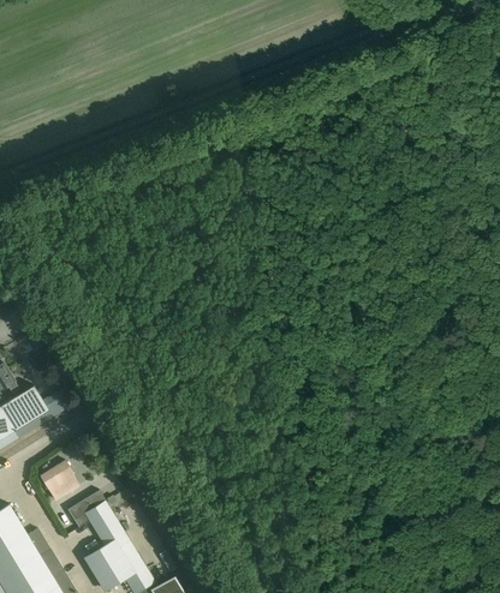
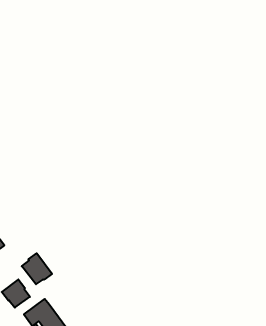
building: none -> [22,253,52,284]

